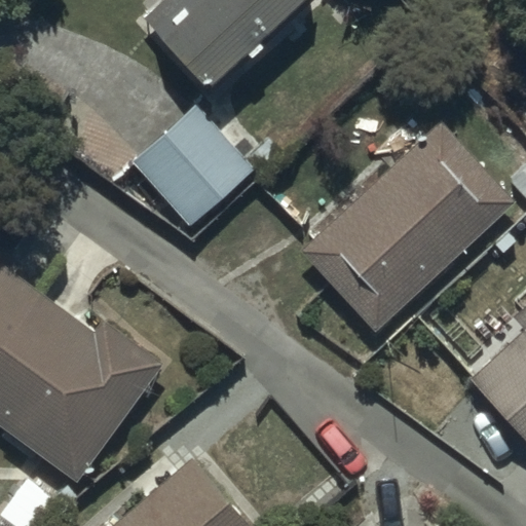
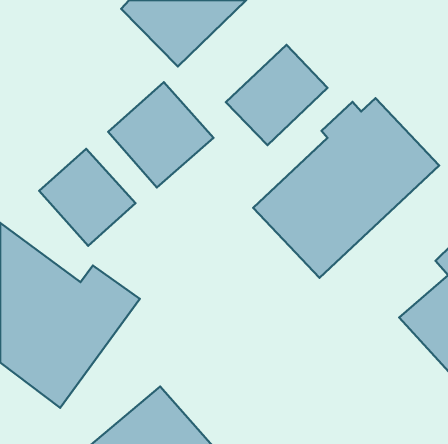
building: none -> [226,45,327,145]
building: none -> [39,149,135,246]

